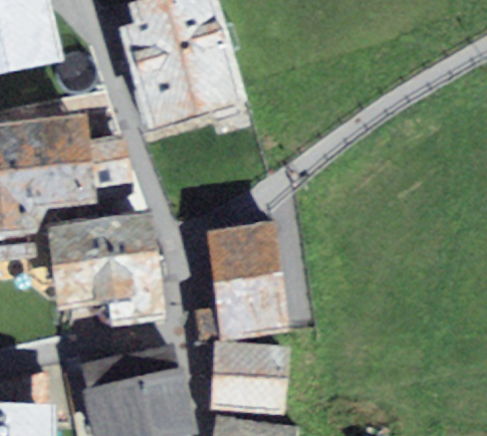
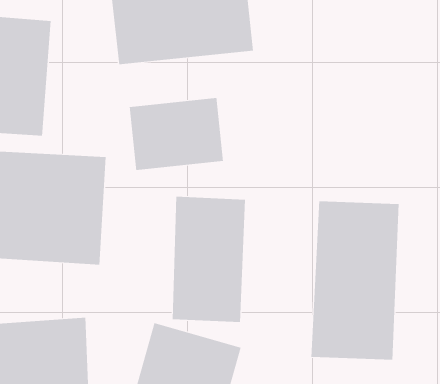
building: none -> [129,97,223,171]
building: none -> [311,201,399,360]

